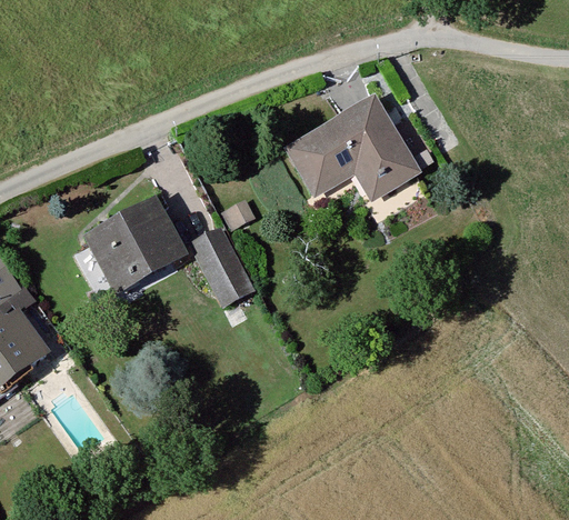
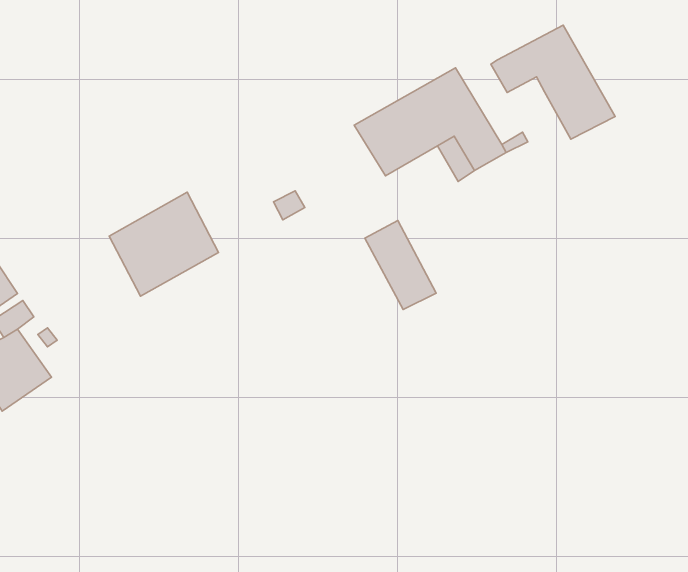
building: none -> [491,25,615,139]
building: [193,230,251,302] -> [365,221,436,309]

